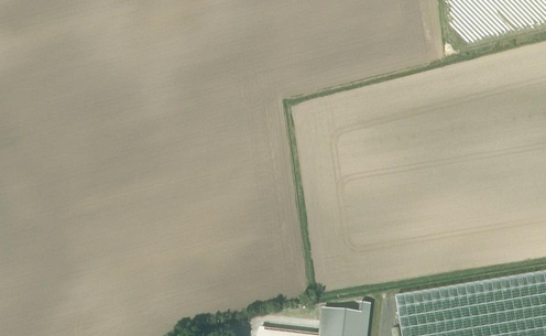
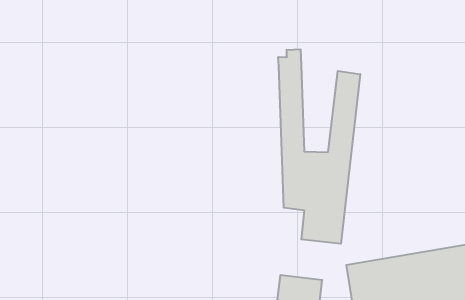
building: none -> [278,49,360,244]

